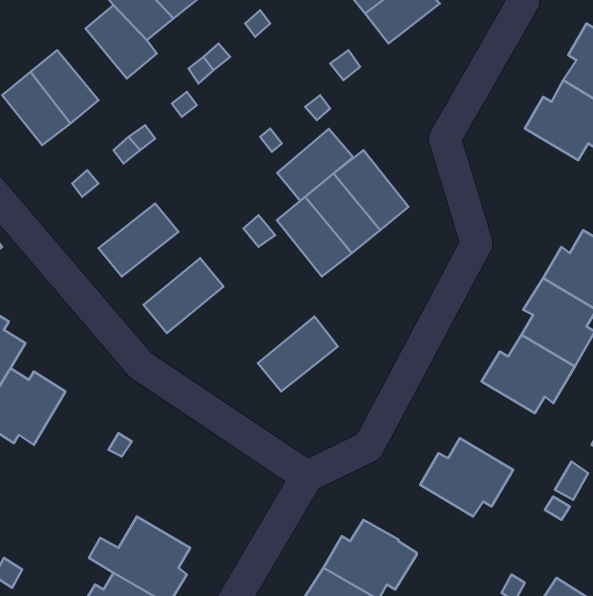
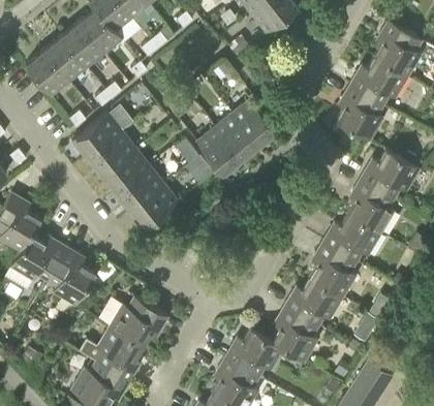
building: none -> [60,22,103,66]
building: none -> [336,84,383,139]
building: [277,129,353,201] -> none
building: none -> [71,112,121,158]
building: none -> [100,148,149,193]
building: [258,317,338,392] -> [128,182,178,228]
building: none -> [310,241,356,295]
building: none -> [45,247,95,304]
building: none -> [110,295,166,344]
building: none -> [272,305,318,361]

